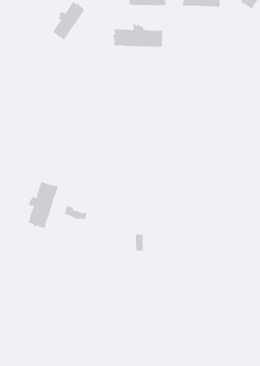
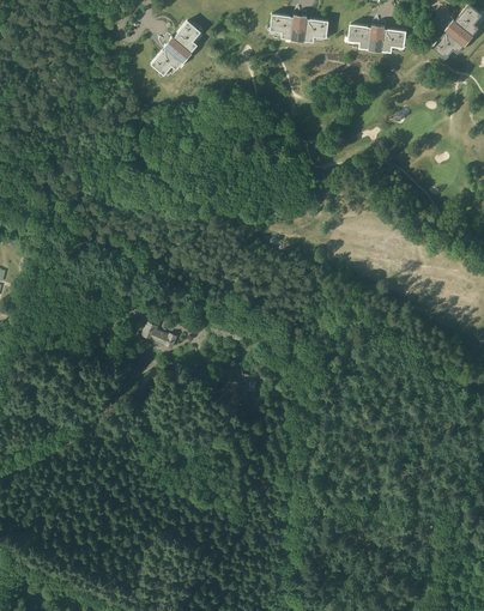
building: [112,23,163,47] -> none
building: [27,181,59,229] -> none

